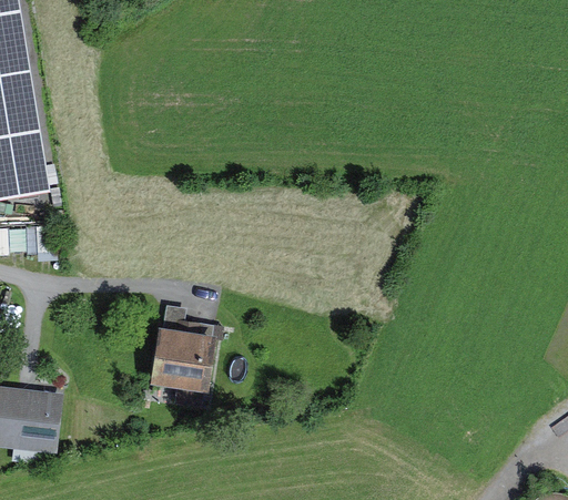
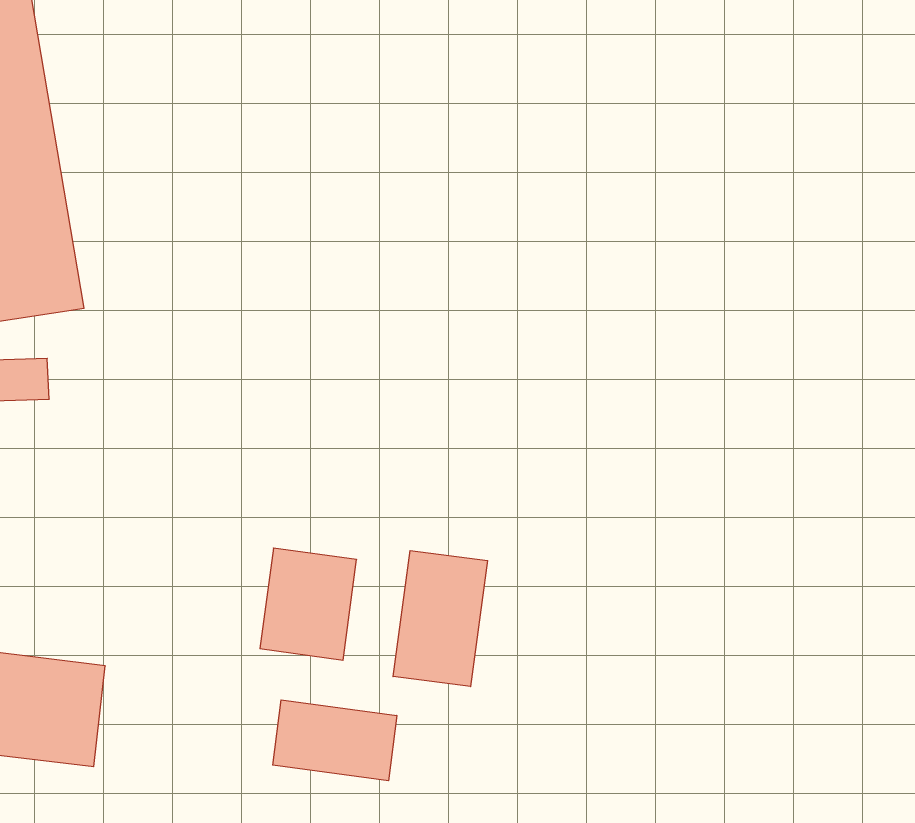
building: none -> [393,551,488,687]
building: none -> [273,700,397,781]

